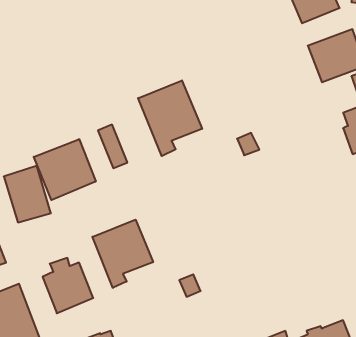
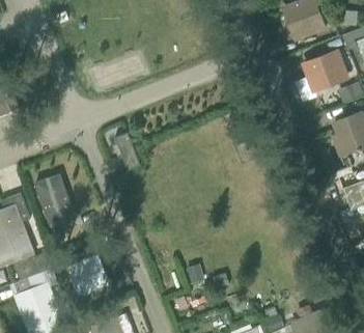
building: [138,80,202,156] -> none
building: [34,139,96,200] -> none
building: [92,220,153,288] -> none

